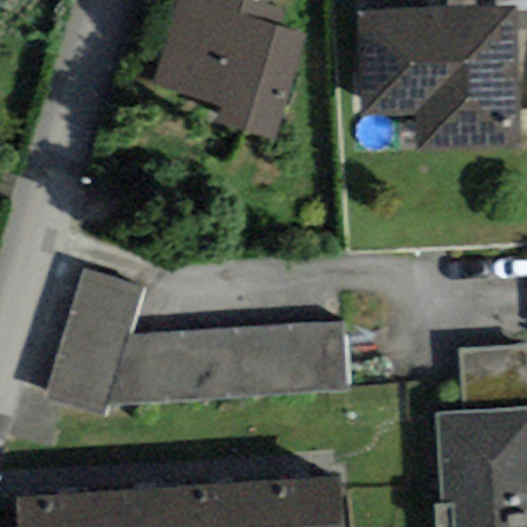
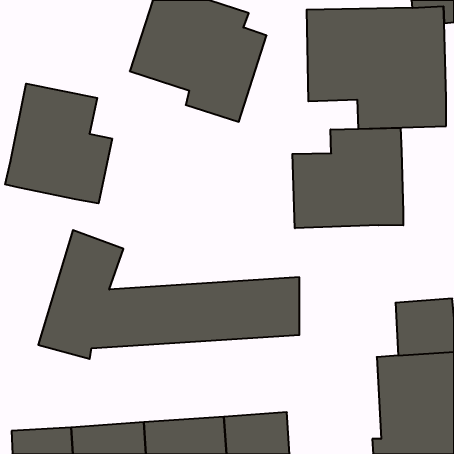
building: none -> [5,84,112,203]
building: none -> [292,128,403,228]

